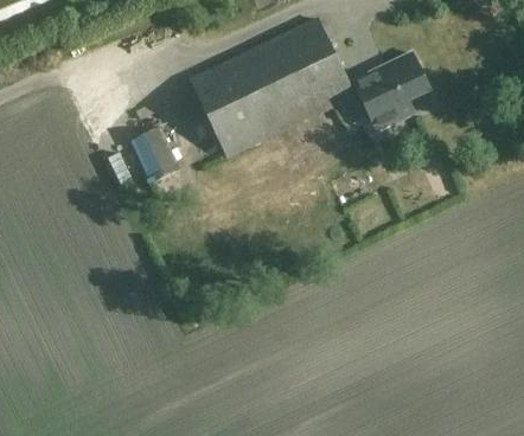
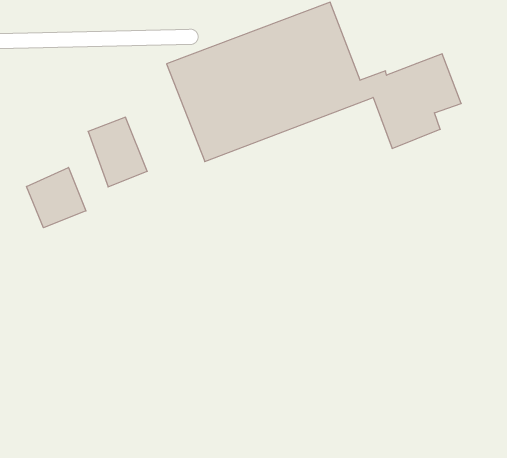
building: none -> [27,167,86,228]

